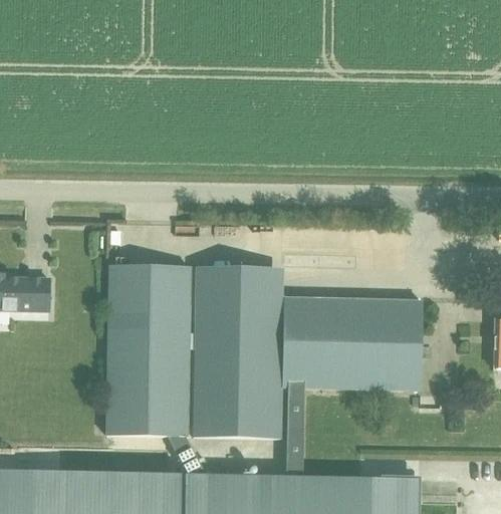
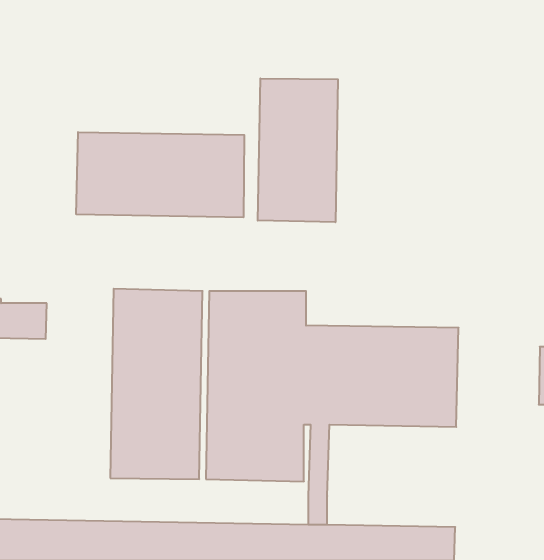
building: none -> [258,78,338,222]
building: none -> [76,132,244,217]

